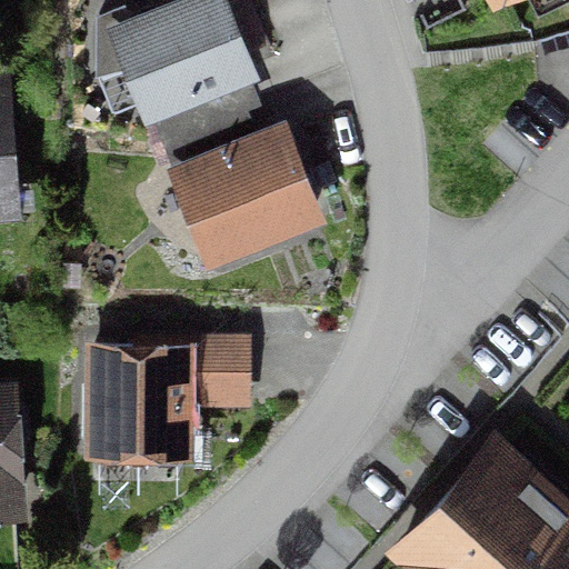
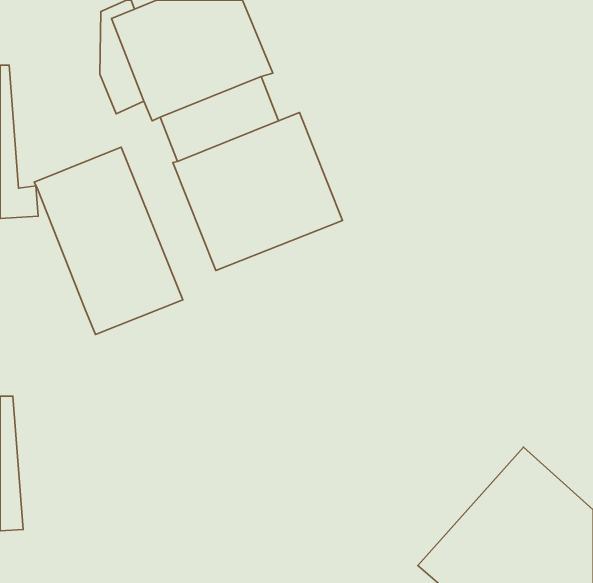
building: none -> [34,147,183,335]
building: [82,337,251,460] -> none

